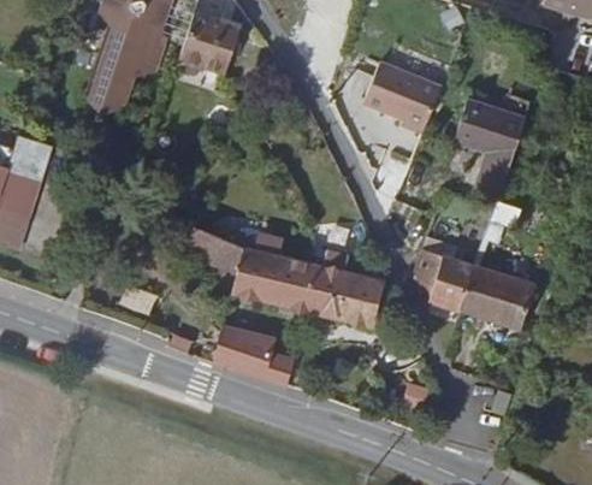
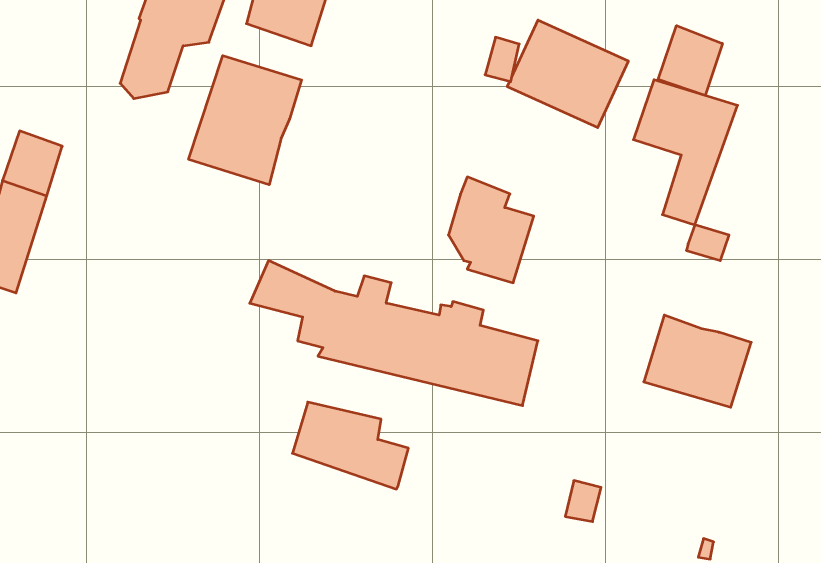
building: none -> [658,26,722,95]
building: none -> [189,56,302,185]
building: [414,236,474,310] -> [448,177,534,283]

